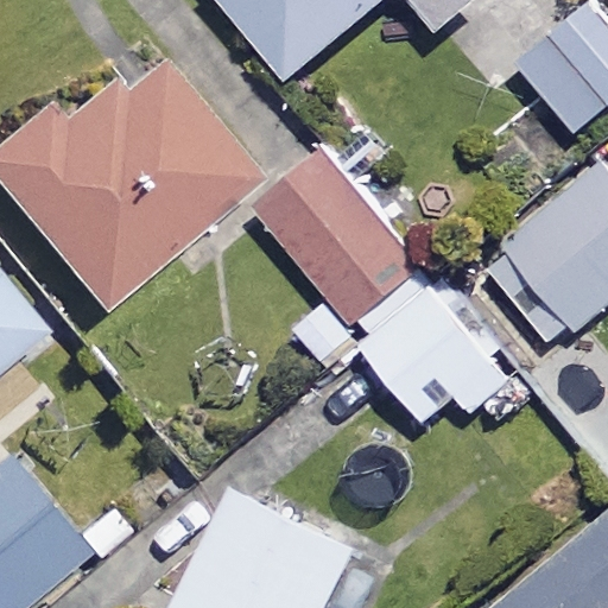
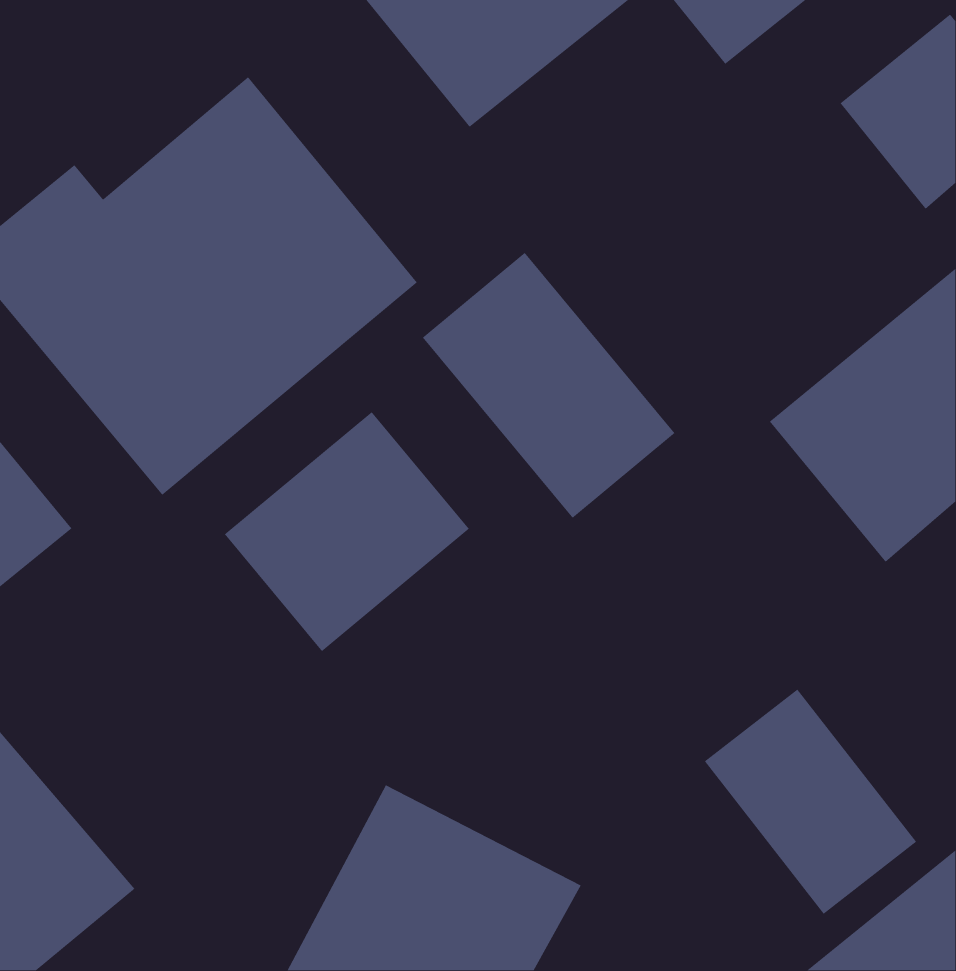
building: none -> [224,411,470,652]
building: [363,284,514,423] -> none
building: none -> [704,688,917,915]

